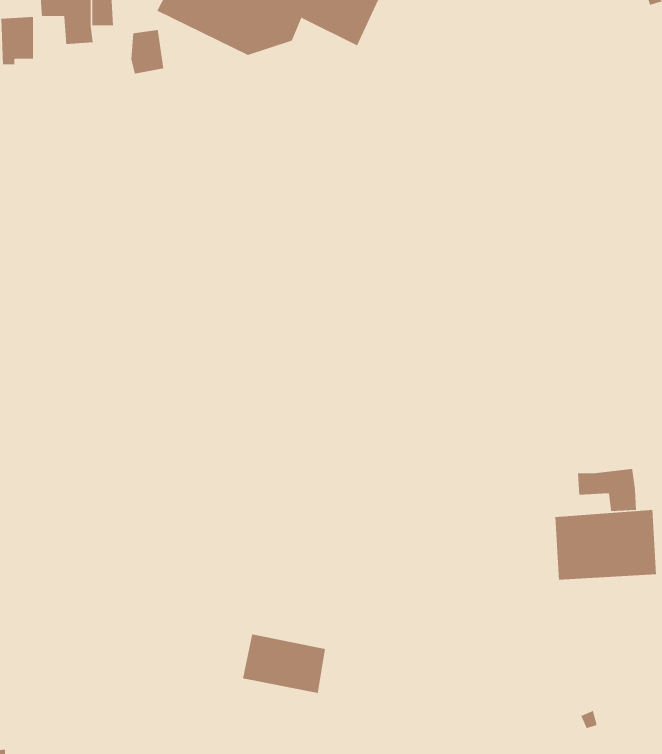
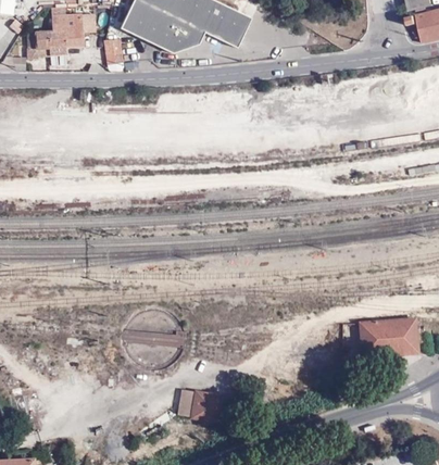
building: none -> [47,30,65,55]
building: [578,468,637,512] -> none

